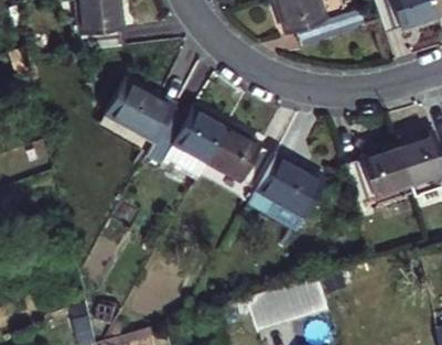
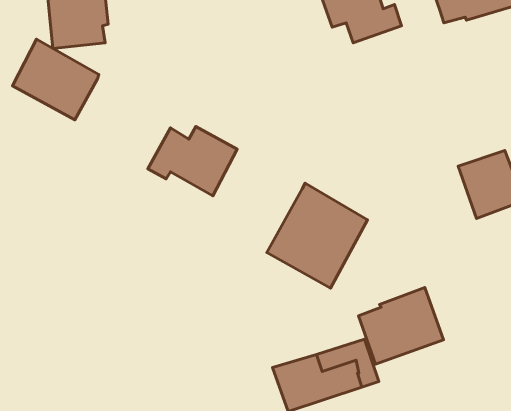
building: [104,80,171,143] -> [13,39,99,120]
building: [193,128,272,208] -> none
building: [342,141,408,201] -> [358,287,443,364]

